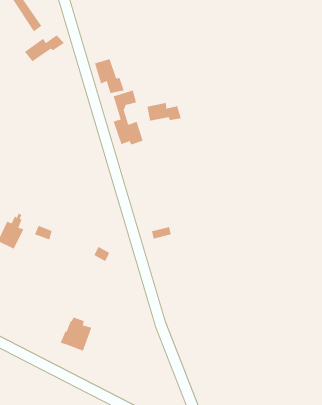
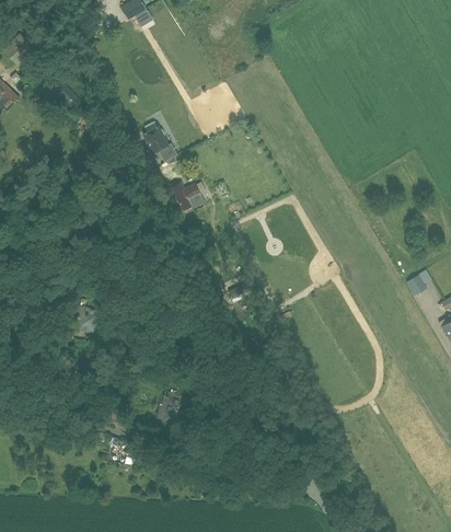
building: [24,35,65,62] -> none
building: [147,102,182,121] -> none

